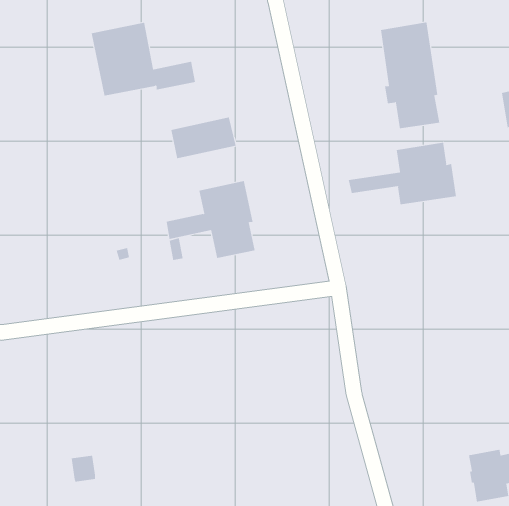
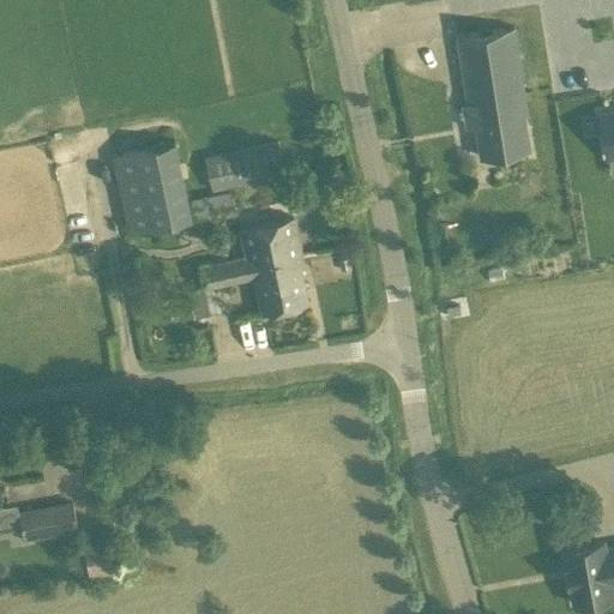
building: [91,22,196,96] -> [112,146,237,235]
building: [348,142,456,205] -> none
building: none -> [18,504,78,542]

